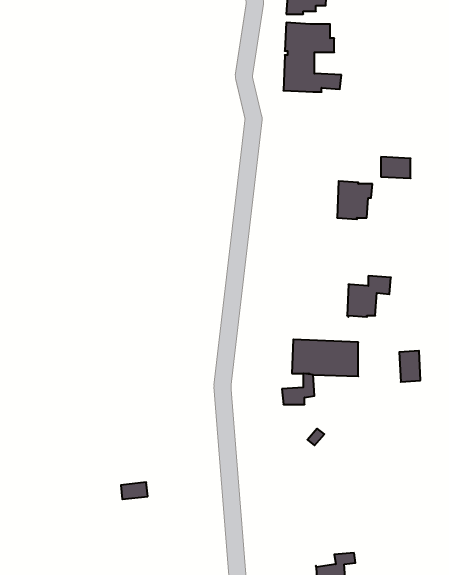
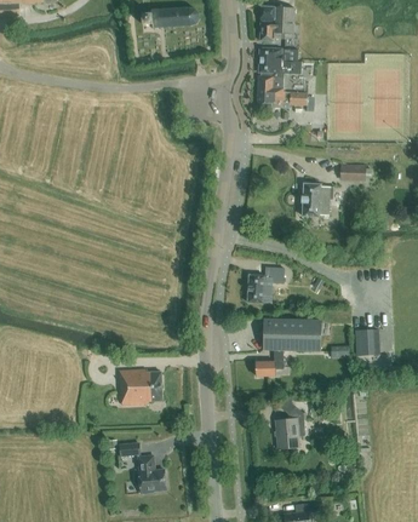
building: [347,276,391,317] -> [247,266,285,302]
building: none -> [119,368,162,403]
building: none -> [276,405,305,446]
building: none -> [134,454,166,492]

